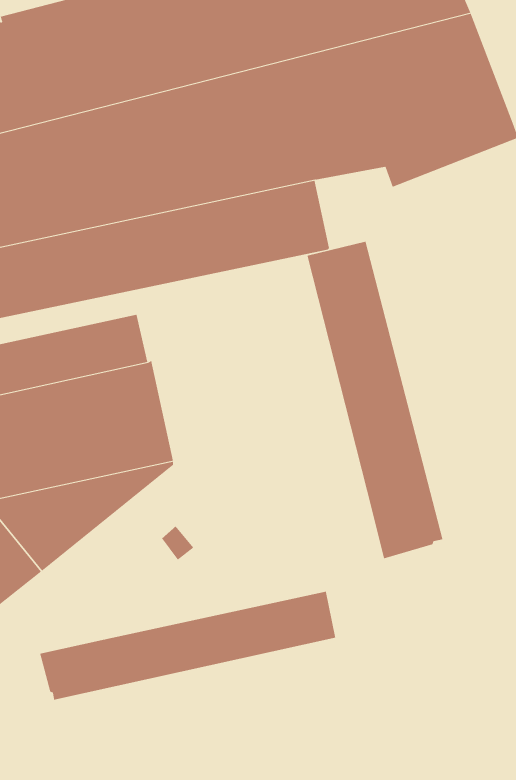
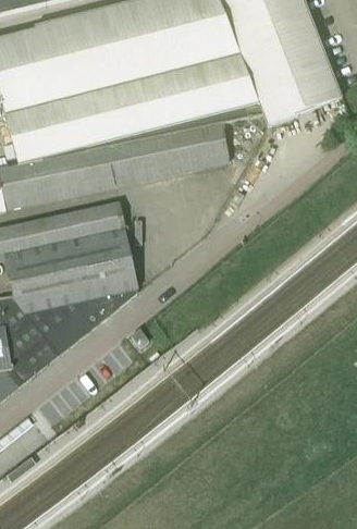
building: [307,241,443,559] -> none
building: [40,591,336,700] -> none

